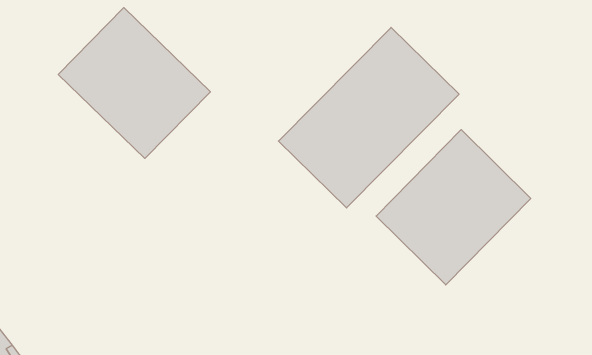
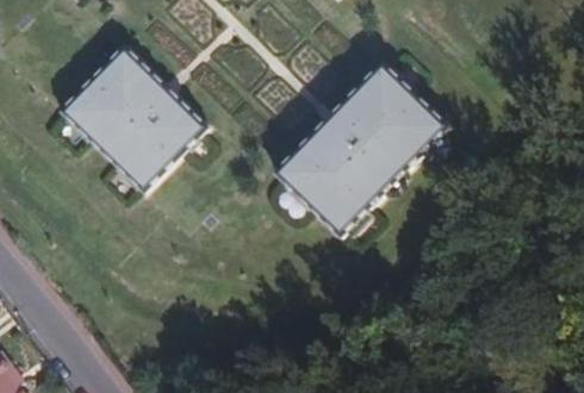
building: [376,130,531,285] -> none

